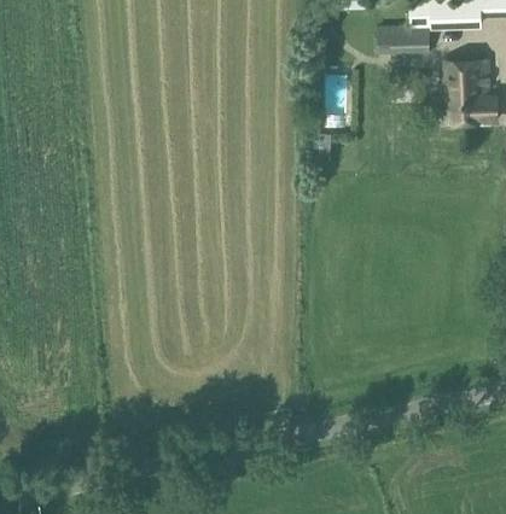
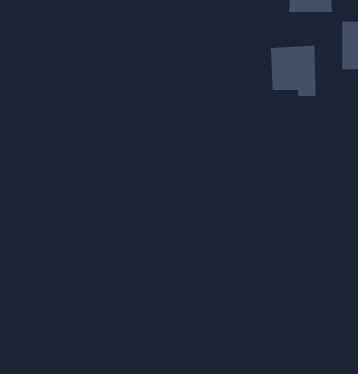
building: none -> [270,45,316,97]

